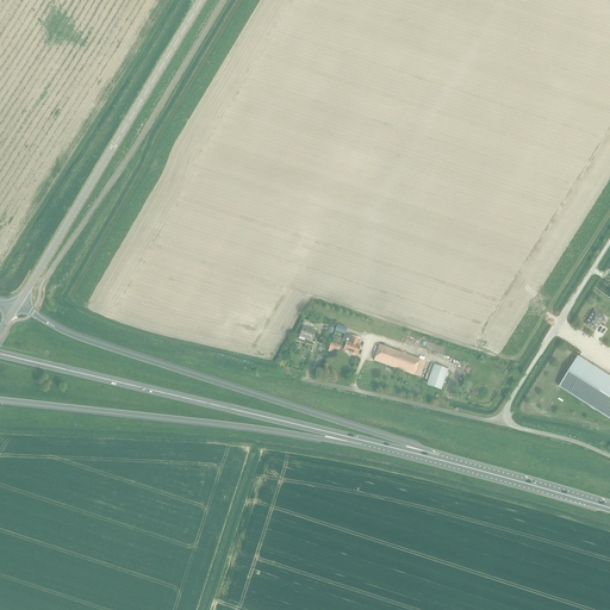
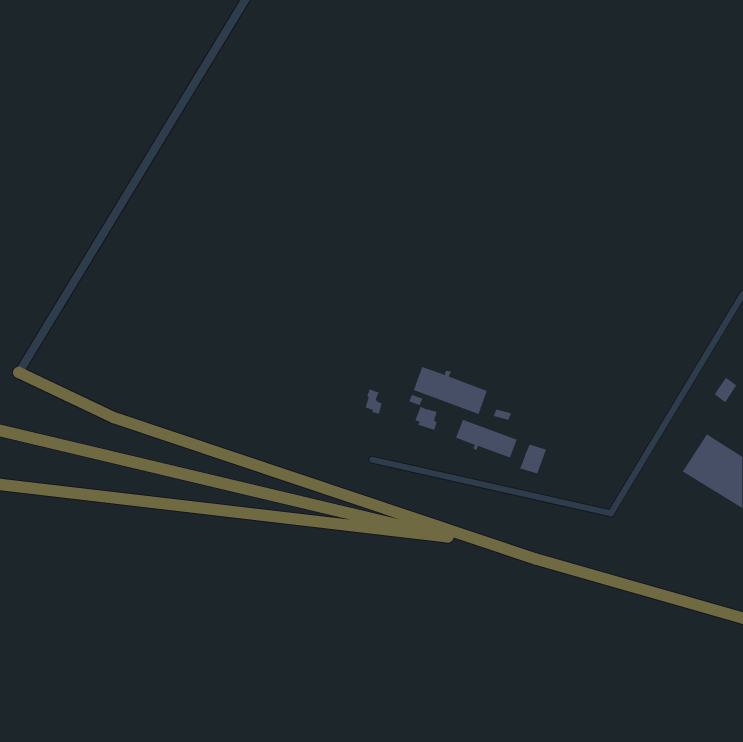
building: none -> [413,366,487,415]

